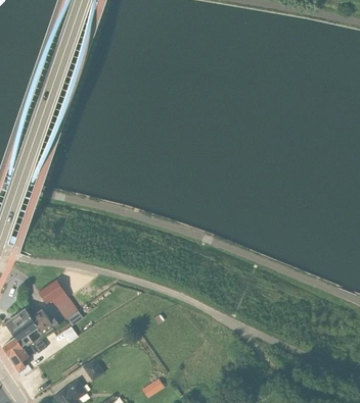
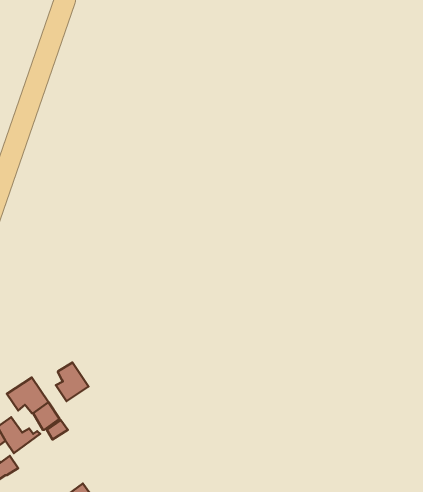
building: none -> [56,363,88,401]

